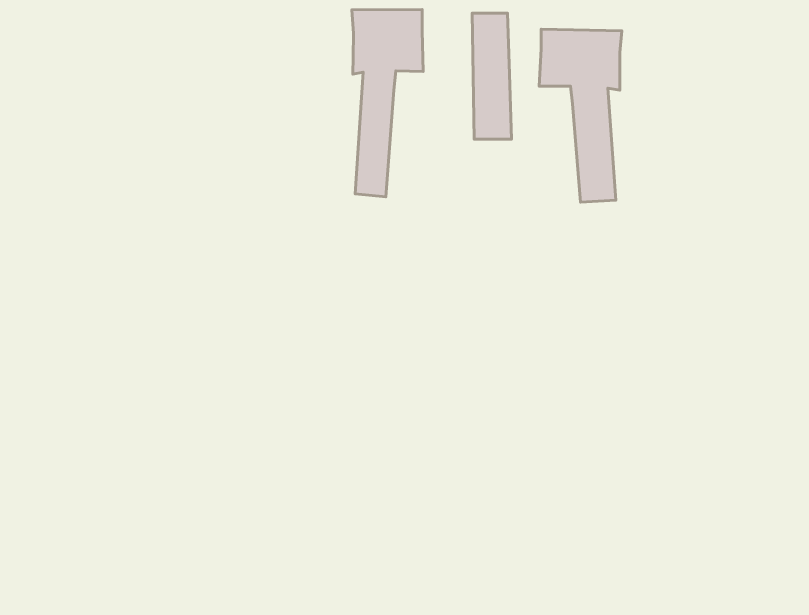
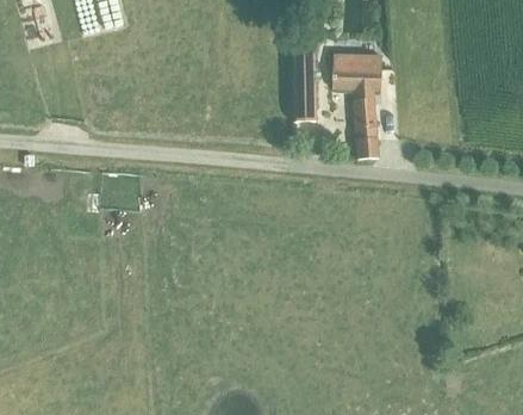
building: [352,10,423,197] -> none

